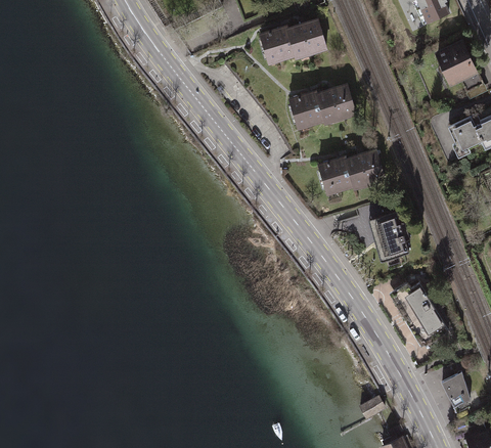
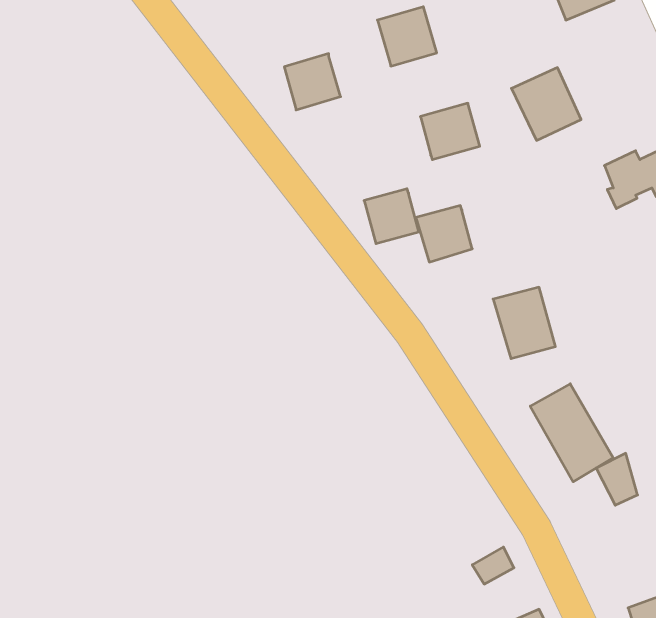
building: [260,26,299,64] -> [284,54,341,110]
building: [429,39,477,89] -> [511,68,581,140]
building: [289,91,327,129] -> [364,189,419,244]
building: [349,149,390,190] -> none
building: [439,368,467,404] -> [596,453,638,505]

